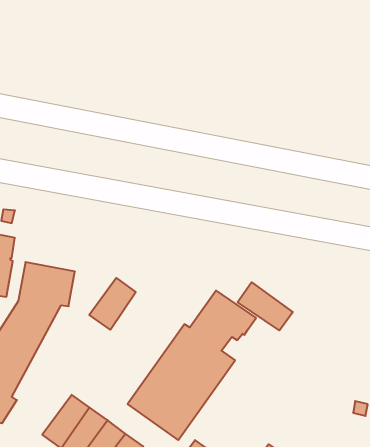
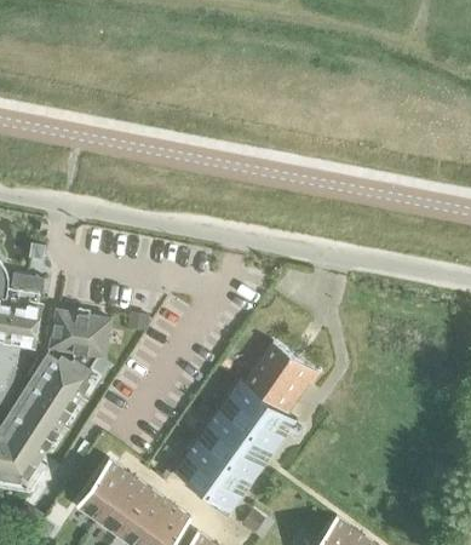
building: [89,278,136,330] -> none
building: [238,282,293,330] -> none

